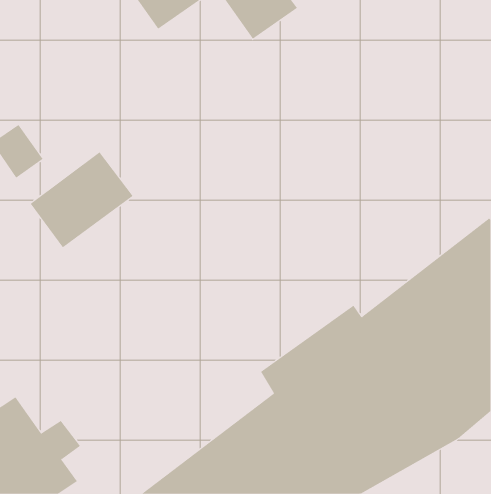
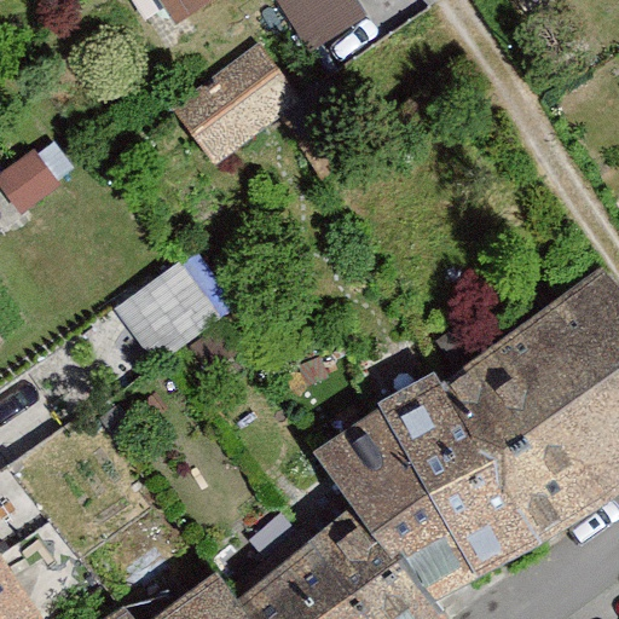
building: none -> [167,40,300,166]
building: [30,152,133,248] -> [116,248,243,366]

